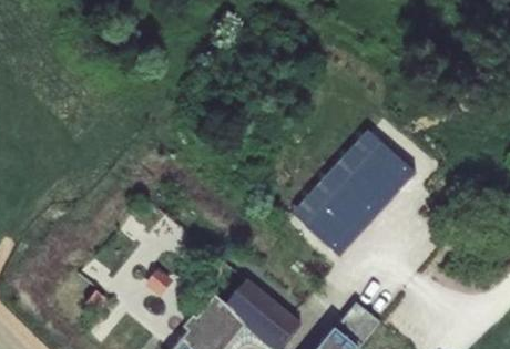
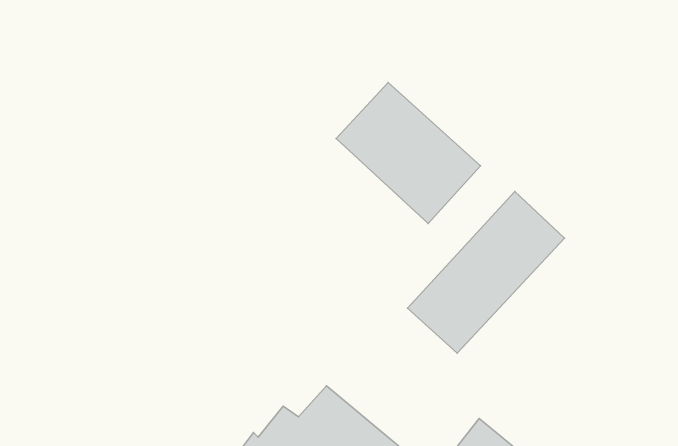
building: none -> [336,83,480,223]

